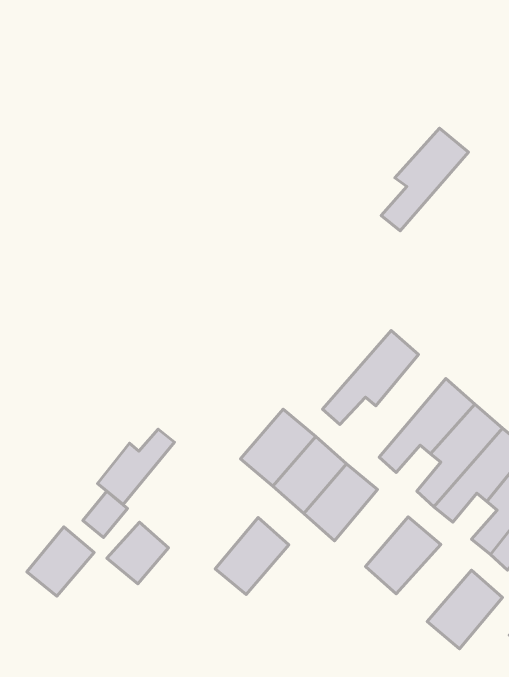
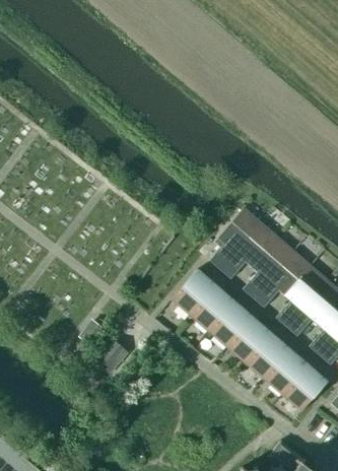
building: [381,128,469,231] -> [210,209,262,270]
building: none -> [244,238,294,298]
building: [97,429,175,505] -> none
building: [215,518,289,595] -> [228,318,272,363]
building: [27,527,94,596] -> none
building: none -> [265,350,310,396]

